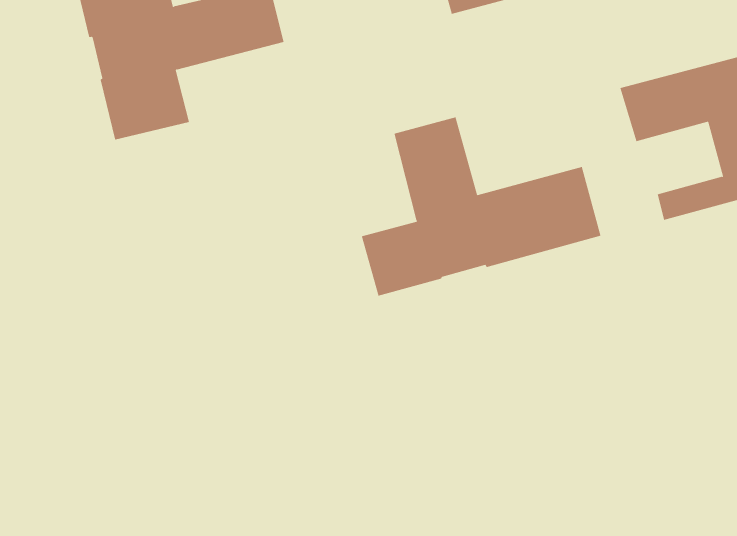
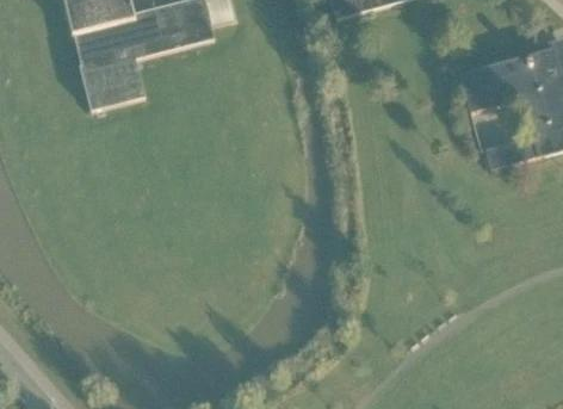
building: [361,117,601,297] -> none

